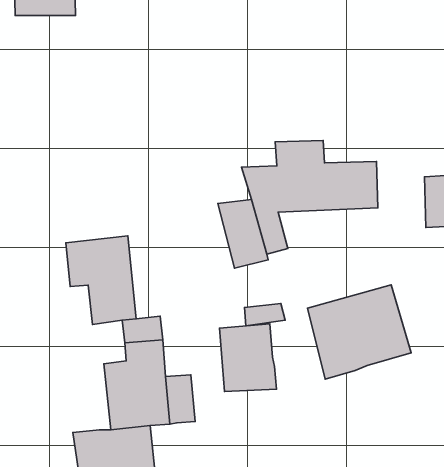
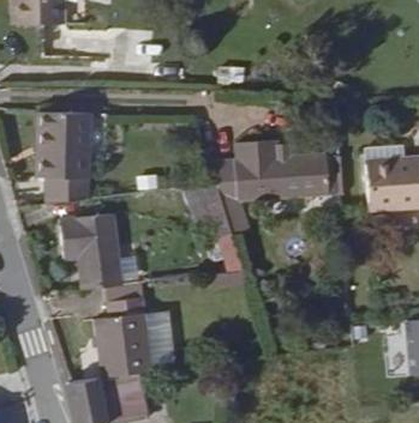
building: none -> [48,109,98,204]
building: [308,285,411,379] -> none
building: [220,324,276,392] -> none

